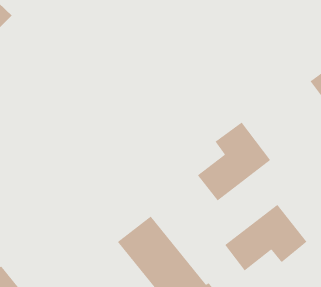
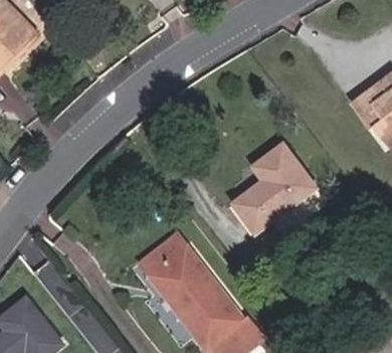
building: [224,204,307,272] -> none

